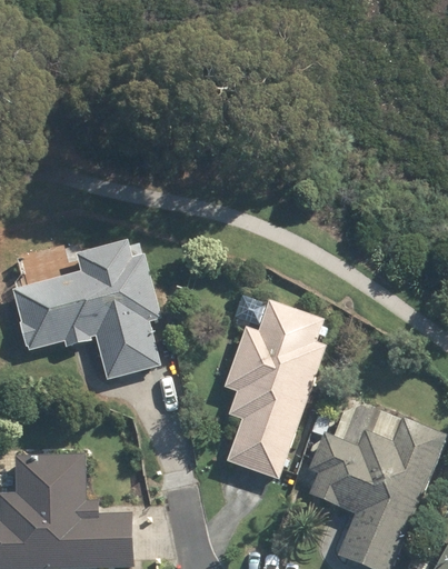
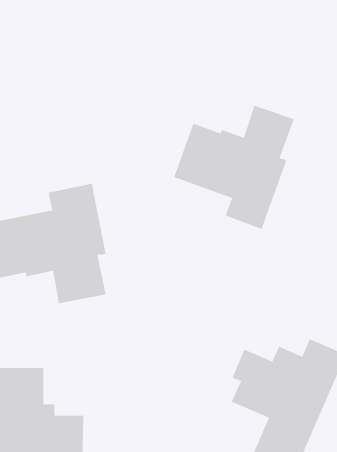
building: none -> [173,105,294,230]
building: [222,299,326,479] -> none

